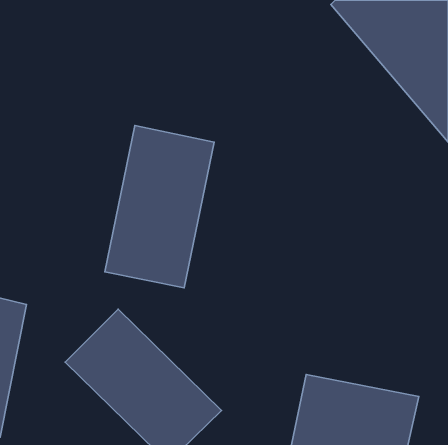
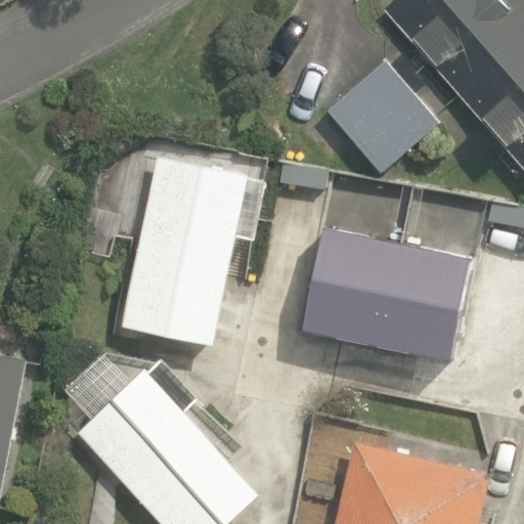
building: none -> [329,67,441,179]
building: none -> [305,222,469,359]

